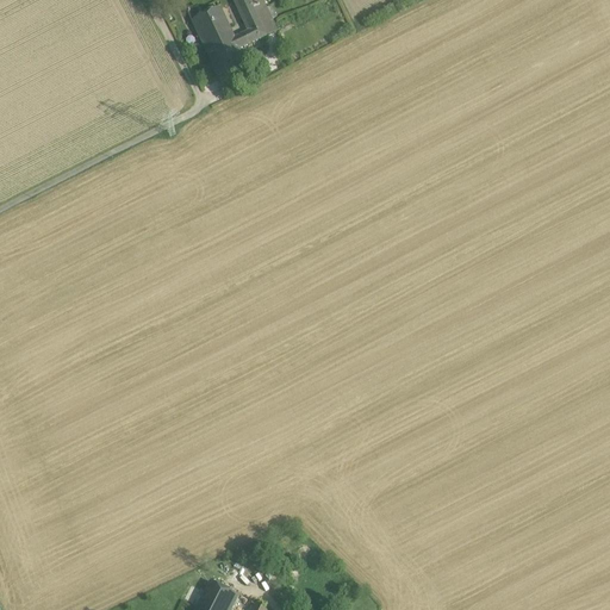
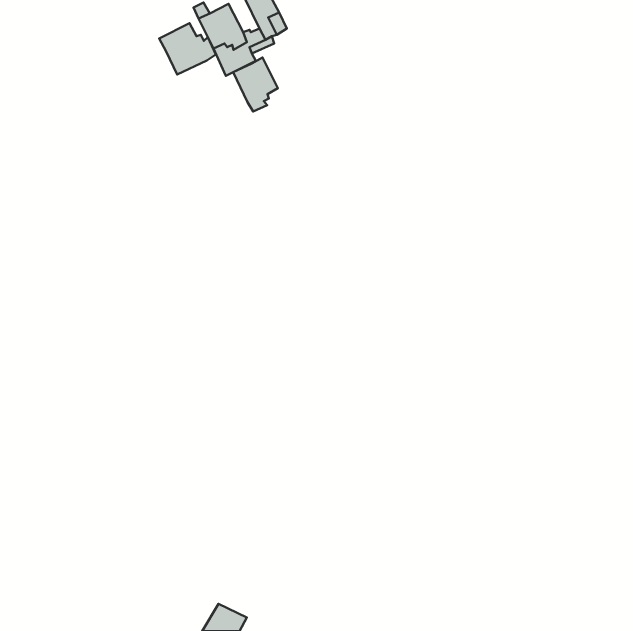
building: none -> [159,23,216,75]
building: none -> [233,57,278,112]

